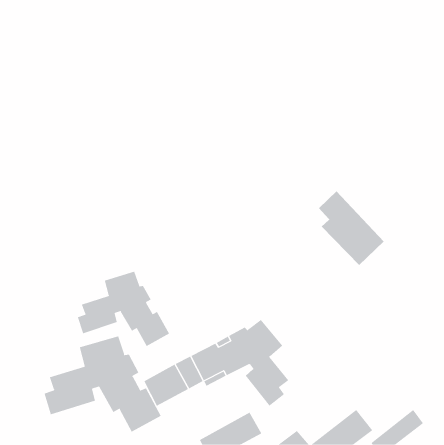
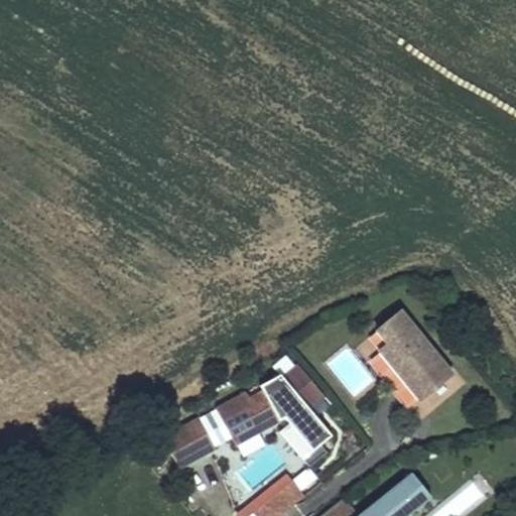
building: [318,191,385,266] -> [377,316,454,403]
building: [77,271,170,347] -> none
building: [44,336,162,432] -> none

